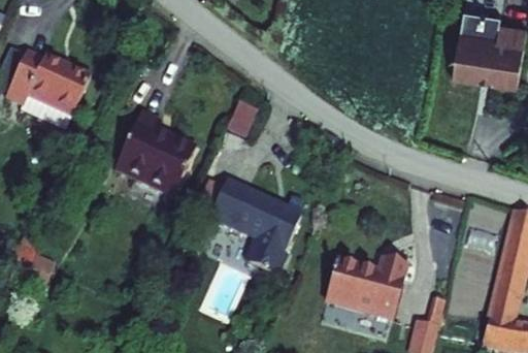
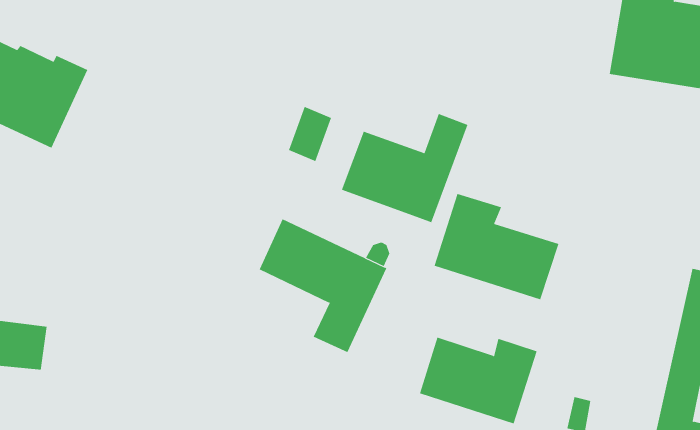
building: none -> [341,113,468,223]
building: [113,110,196,194] -> none
building: none -> [434,193,559,300]

